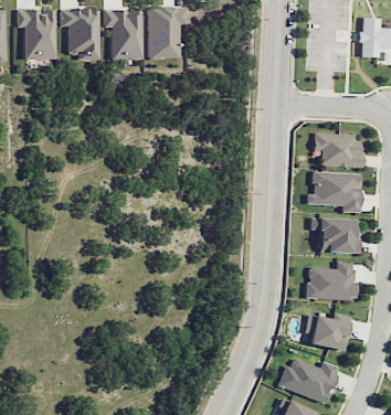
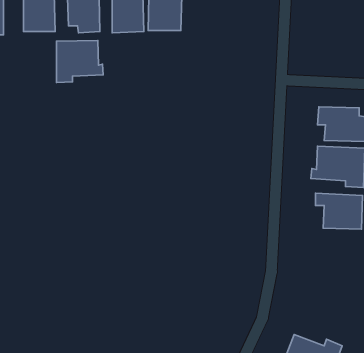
building: none -> [56,40,103,83]
building: [308,263,353,300] -> none
building: [304,315,350,352] -> none

